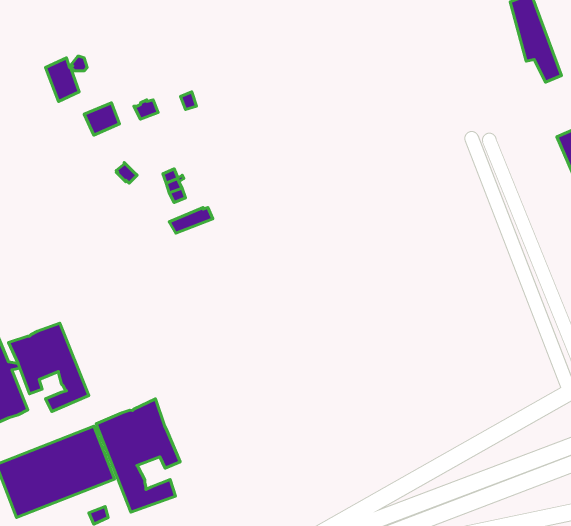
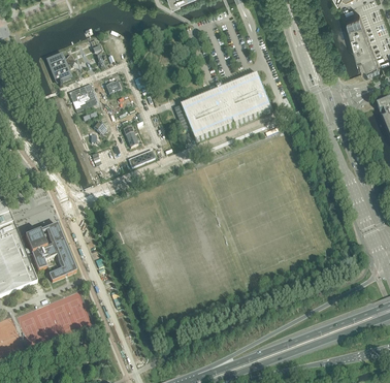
building: none -> [181,73,271,140]
building: [96,399,180,512] -> none

